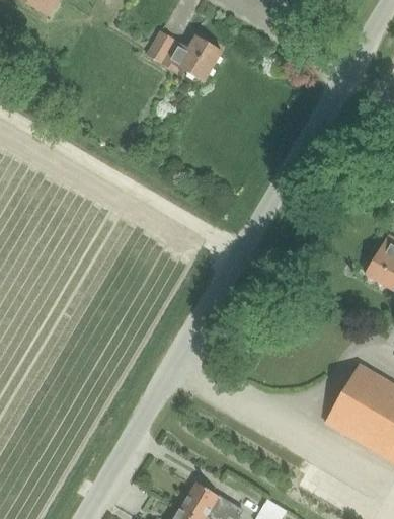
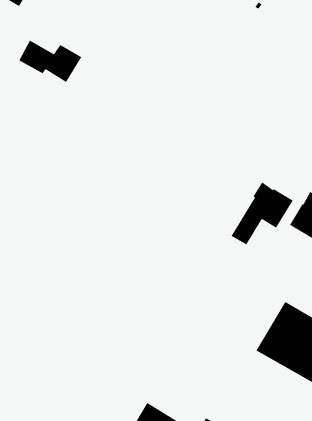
building: [147,31,222,82] -> [18,40,82,83]
building: none -> [231,182,293,245]

